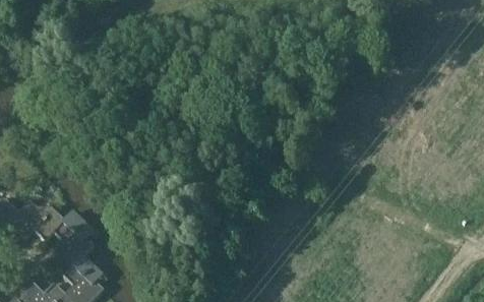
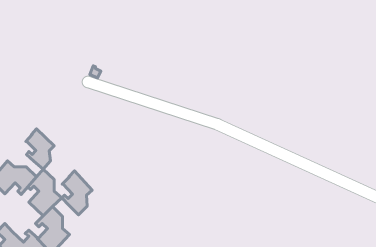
building: none -> [26,129,54,169]
building: none -> [62,171,92,215]

